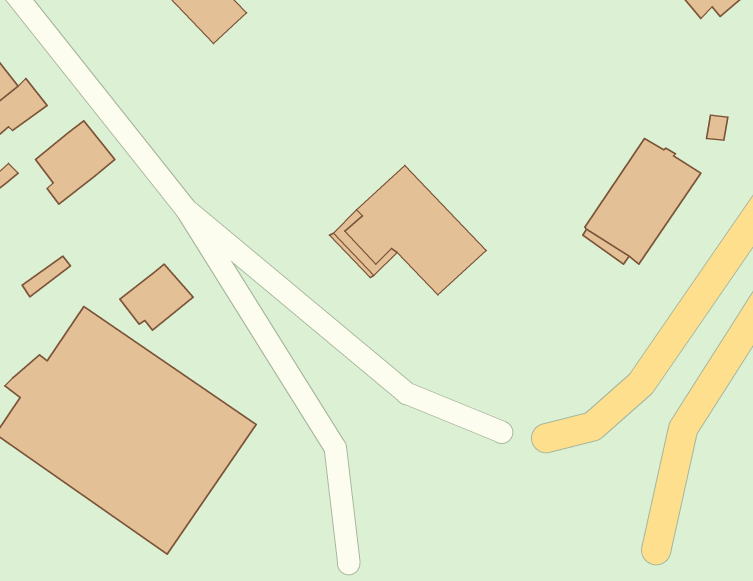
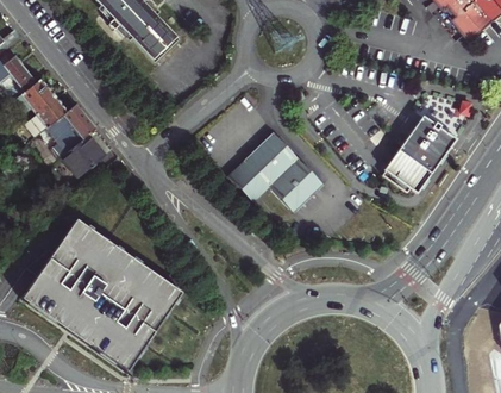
building: none -> [30,94,65,127]
building: [120,264,193,330] -> [60,133,105,174]

